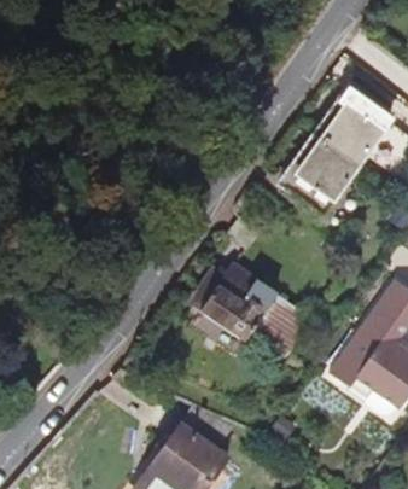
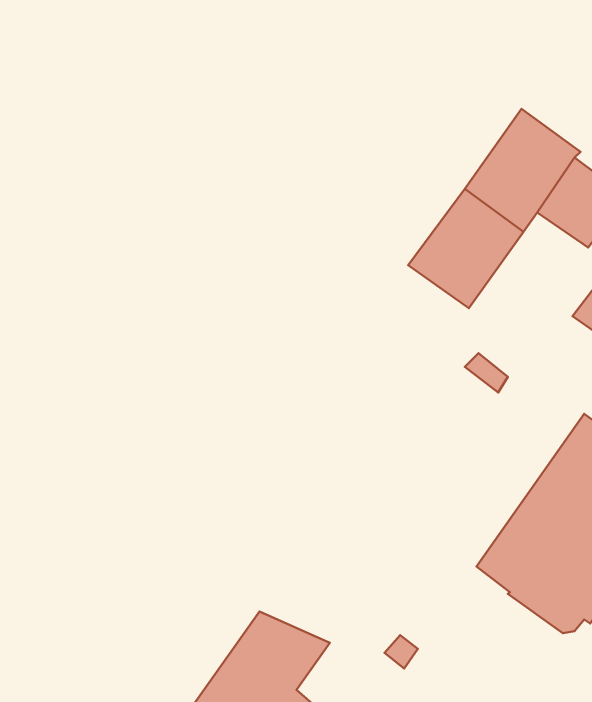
building: [194,261,307,356] -> none

